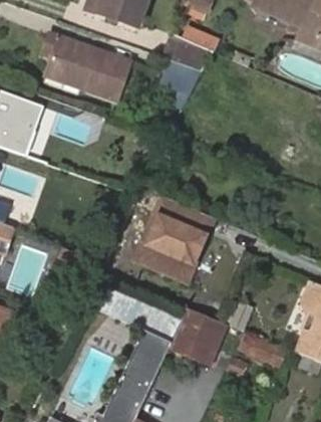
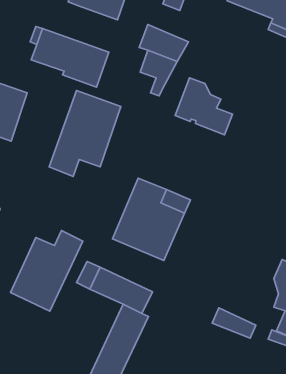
building: none -> [175,78,232,135]
building: none -> [49,91,121,176]
building: none -> [10,230,83,311]
building: [171,307,226,364] -> none

